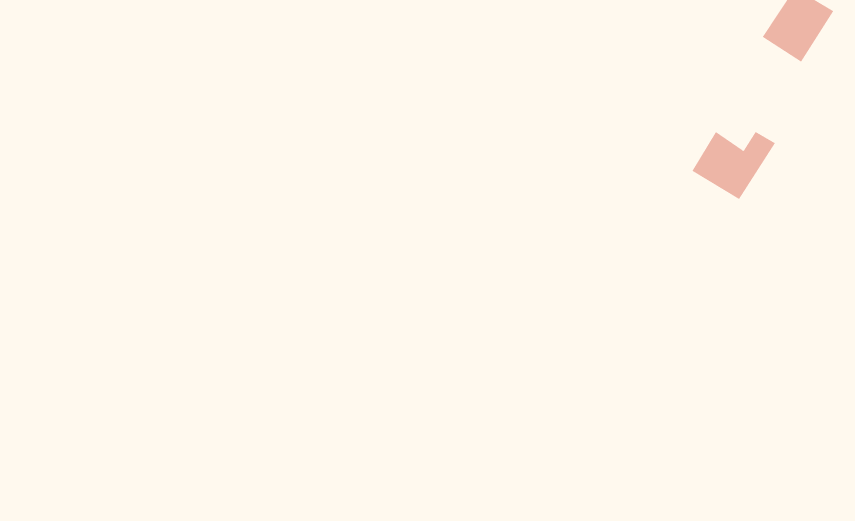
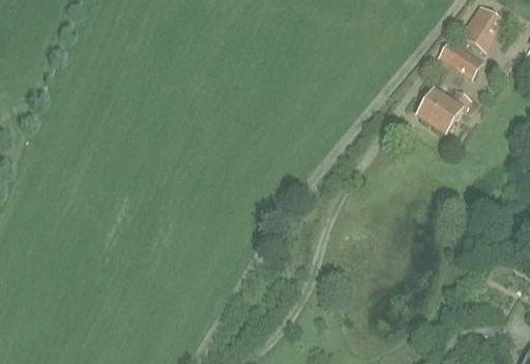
building: none -> [440,39,483,77]

